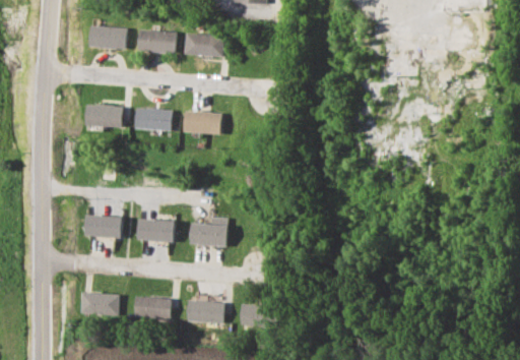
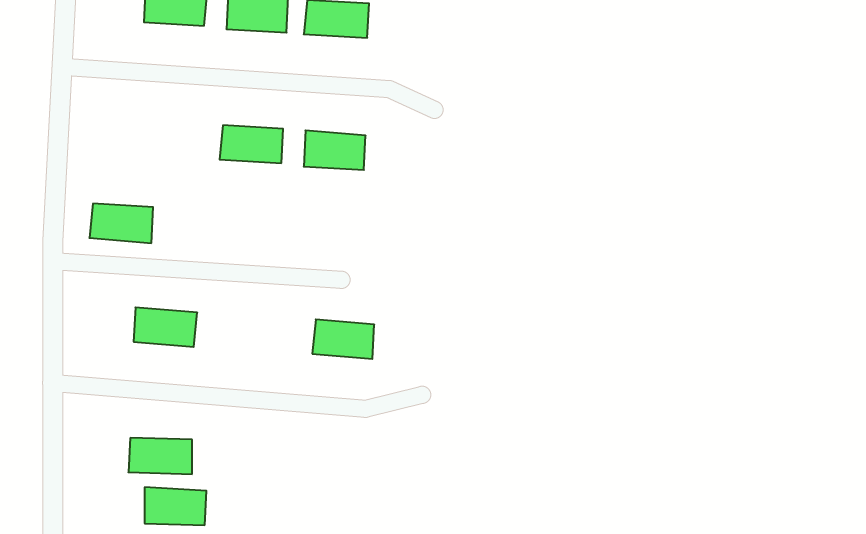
building: [86,105,124,128] -> [89,204,153,243]
building: [137,220,175,242] -> none
building: [135,296,172,318] -> [145,487,206,525]
building: [187,300,224,322] -> none
building: [241,304,266,325] -> none

